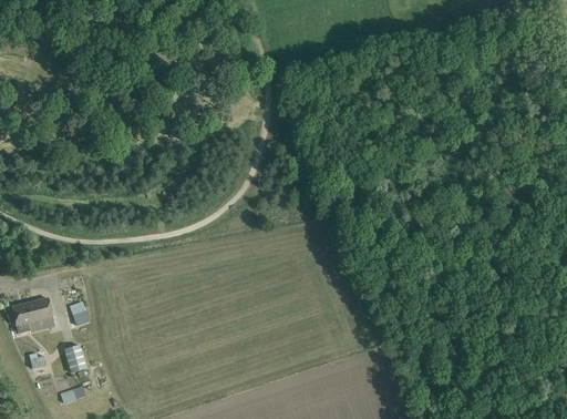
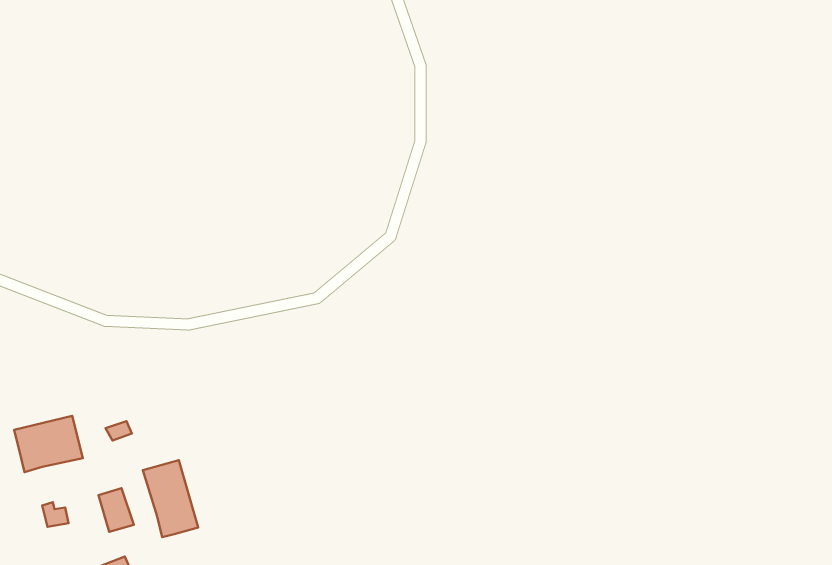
building: none -> [143,460,198,537]

